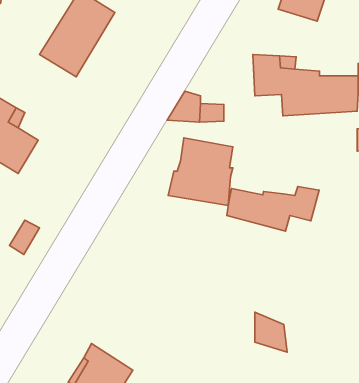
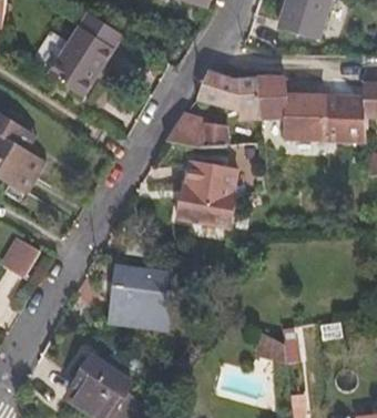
building: none -> [201,70,257,118]
building: [227,186,319,231] -> none
building: none -> [114,276,172,328]

